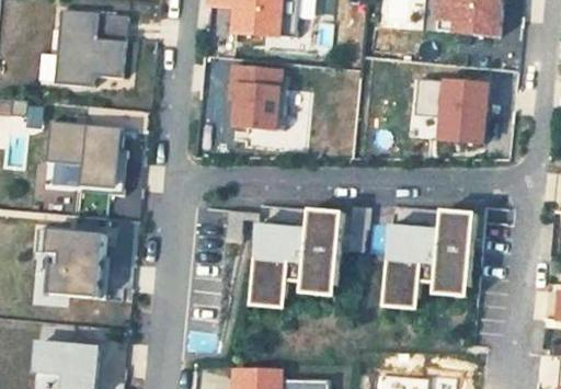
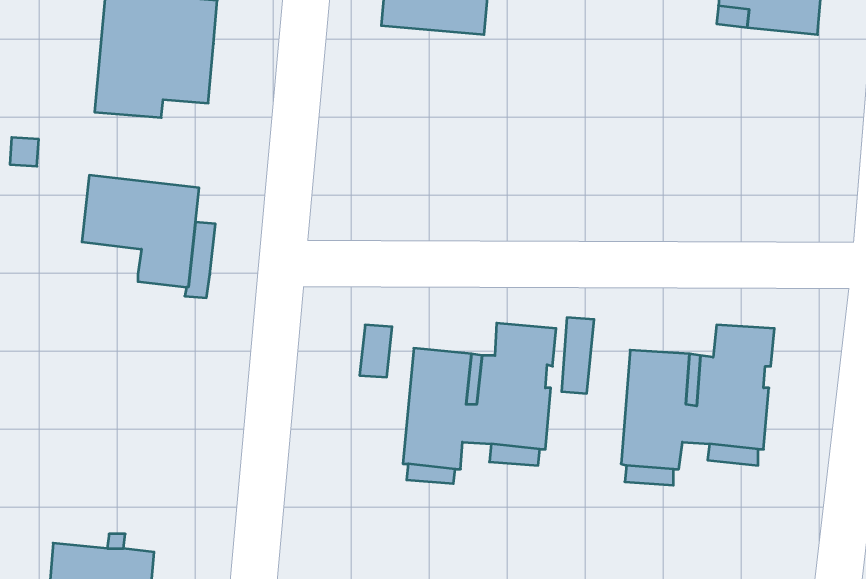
building: [231,65,286,128] -> none
building: [414,77,488,140] -> none
building: [39,228,110,299] -> none

